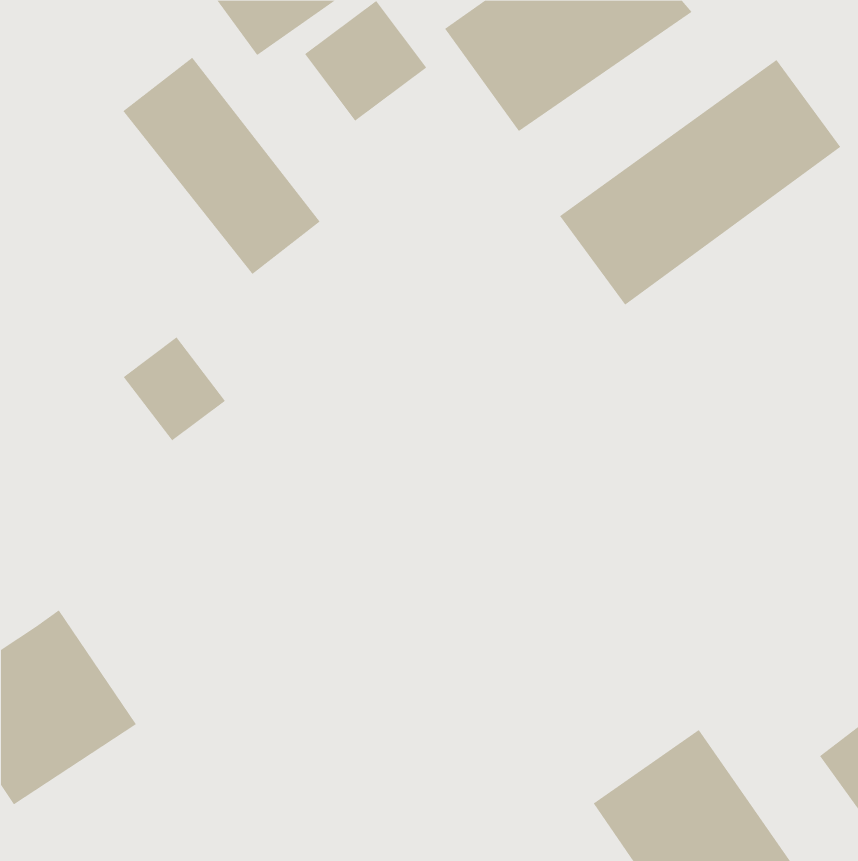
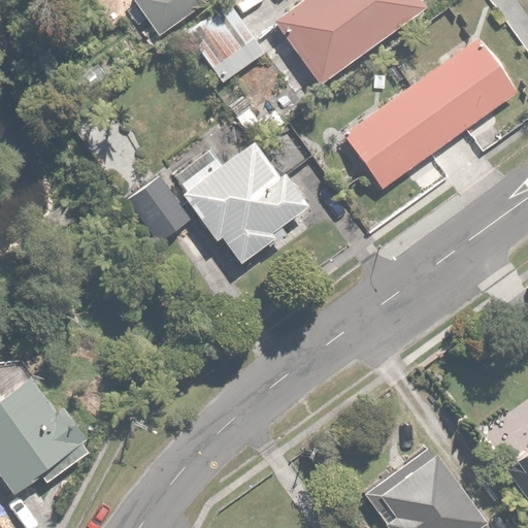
building: [122,57,321,275] -> none
building: none -> [176,141,307,262]
building: [123,337,226,441] -> [128,174,191,238]

